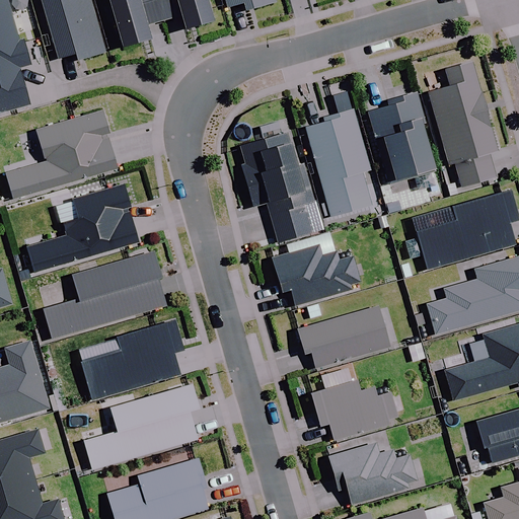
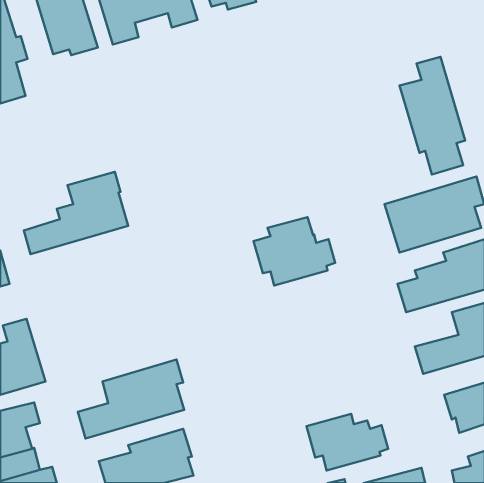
building: [305,91,371,215] -> none
building: [368,92,434,182] -> none
building: [6,109,117,198] -> none
building: [240,134,321,240] -> none
building: [44,251,166,339] -> none
building: [297,306,389,368] -> none
building: [77,320,183,400] -> none
building: [310,379,398,439] -> none

